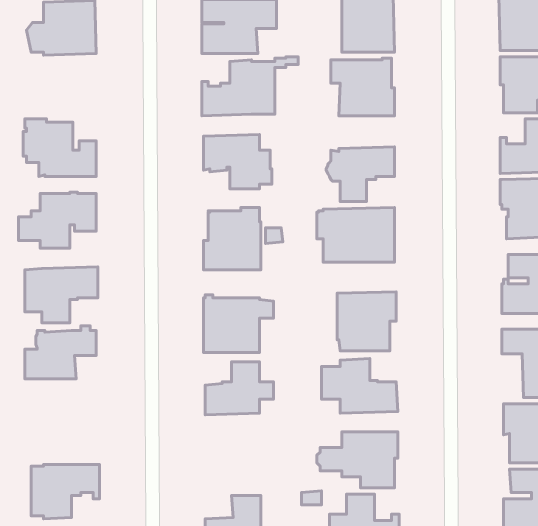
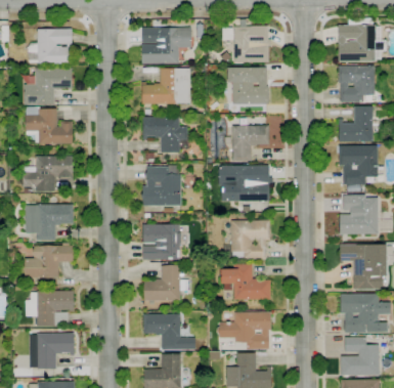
building: none -> [24,69,73,105]
building: none -> [26,291,74,327]
building: none -> [144,311,195,349]

